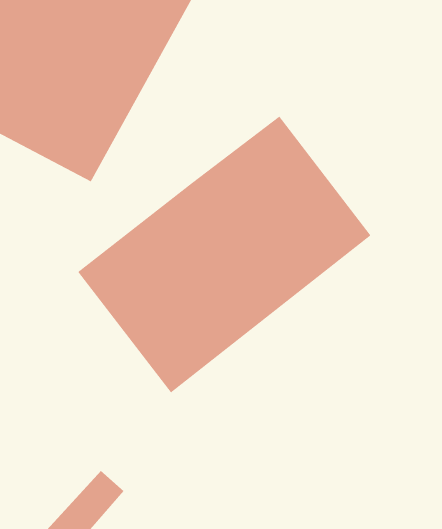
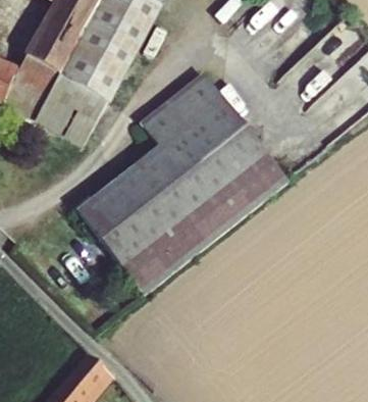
building: none -> [141,73,221,144]

